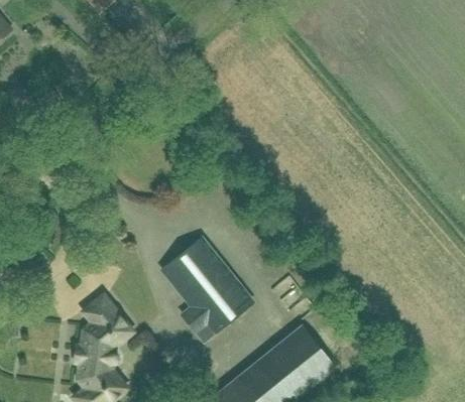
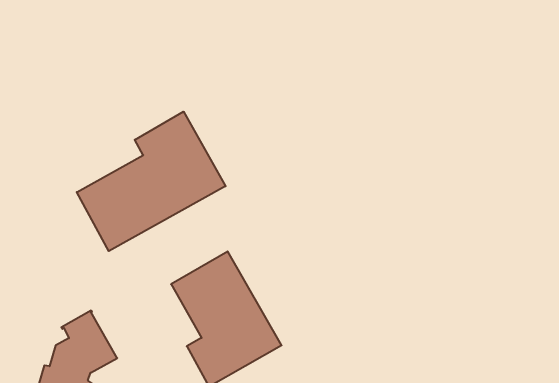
building: none -> [77,112,226,251]

